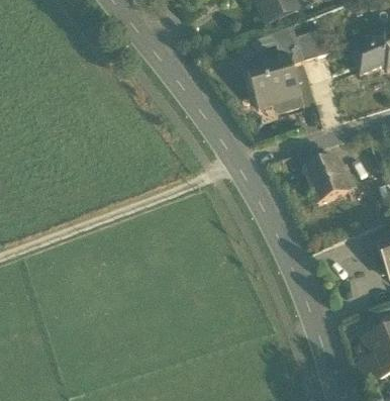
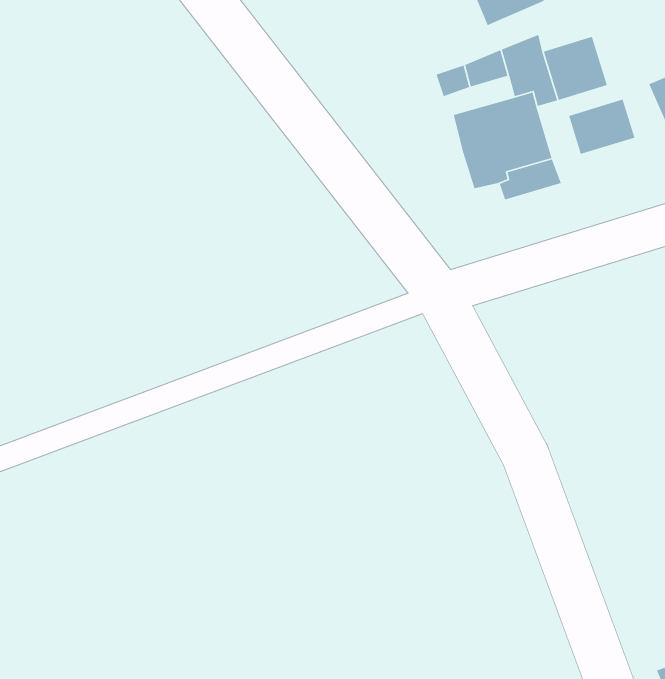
building: none -> [568,98,635,155]
building: [306,155,352,203] -> none

